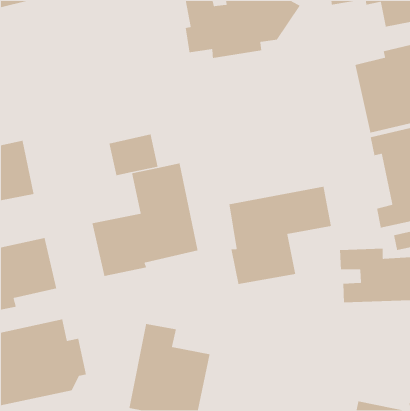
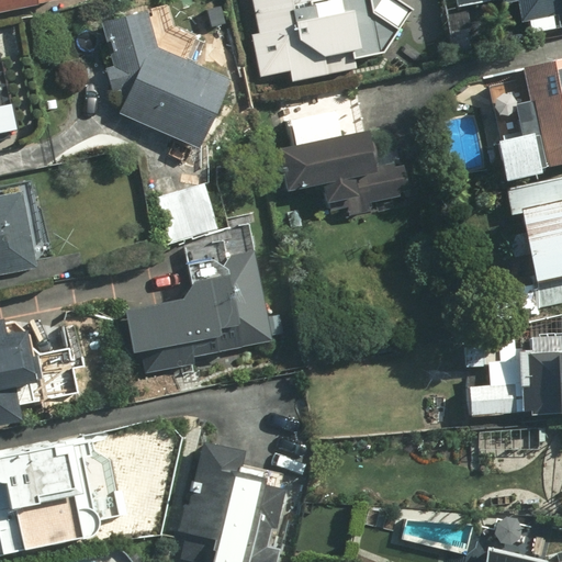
building: none -> [105,7,231,151]
building: none -> [276,112,412,214]
building: [228,186,332,285] -> none

